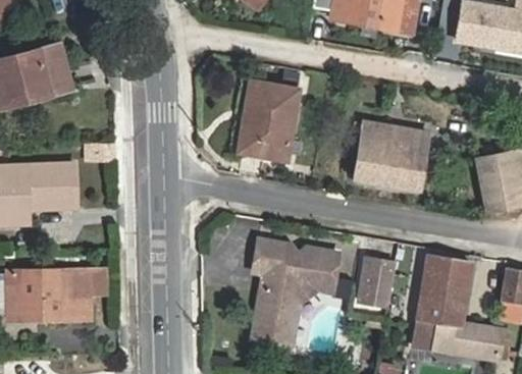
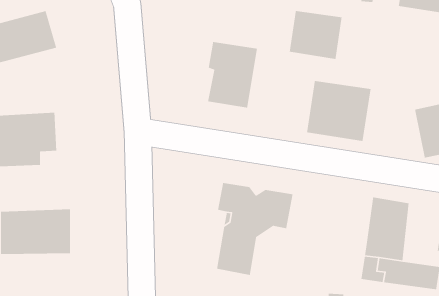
building: none -> [289,10,343,60]
building: [360,257,396,305] -> none

